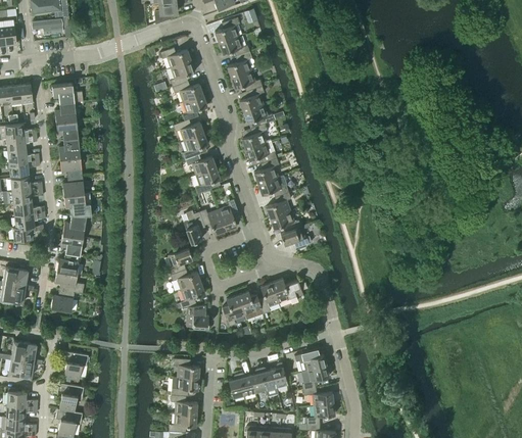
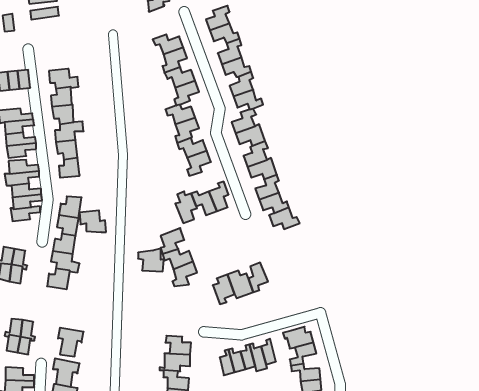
building: [63,194,91,216] -> [79,210,106,232]
building: [271,279,302,304] -> none
building: [182,304,208,328] -> [138,249,164,271]

